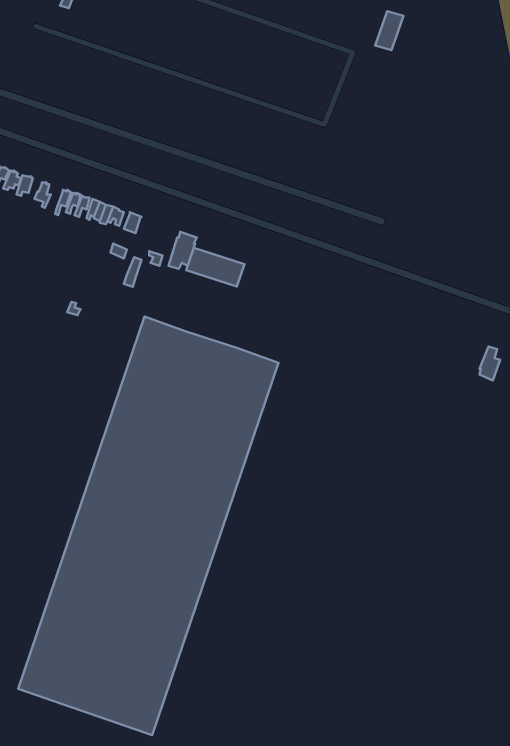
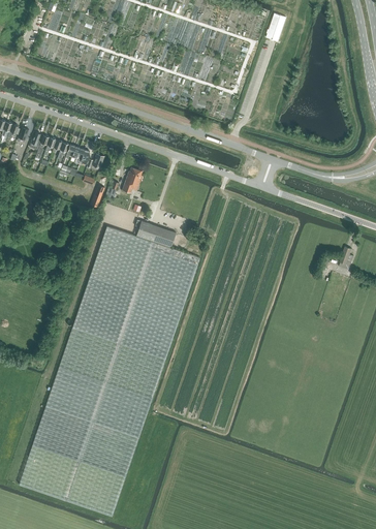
building: [186,248,244,287] -> [135,221,176,248]

